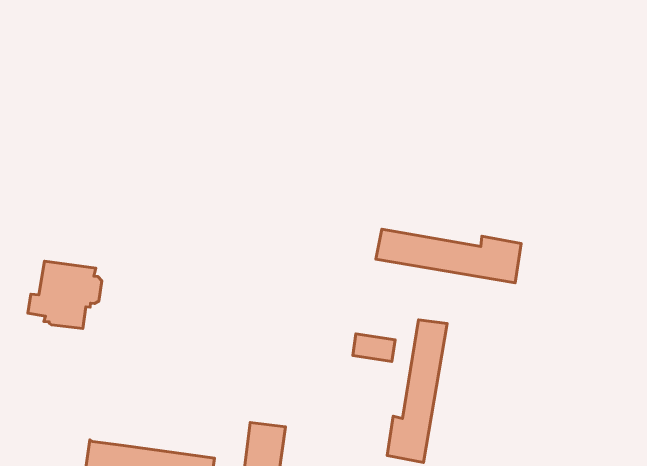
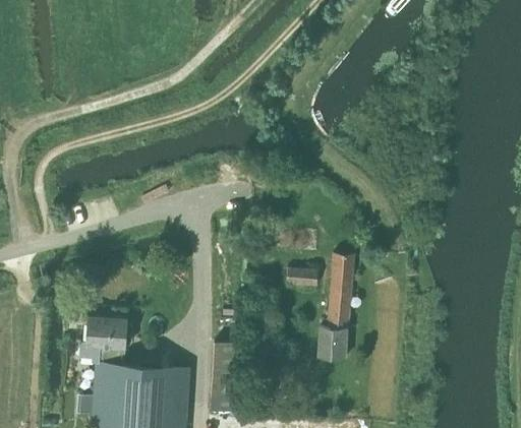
building: [376,229,521,283] -> none
building: [28,261,102,329] -> [79,317,132,365]

